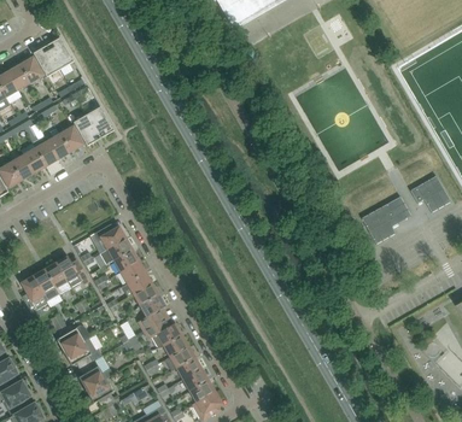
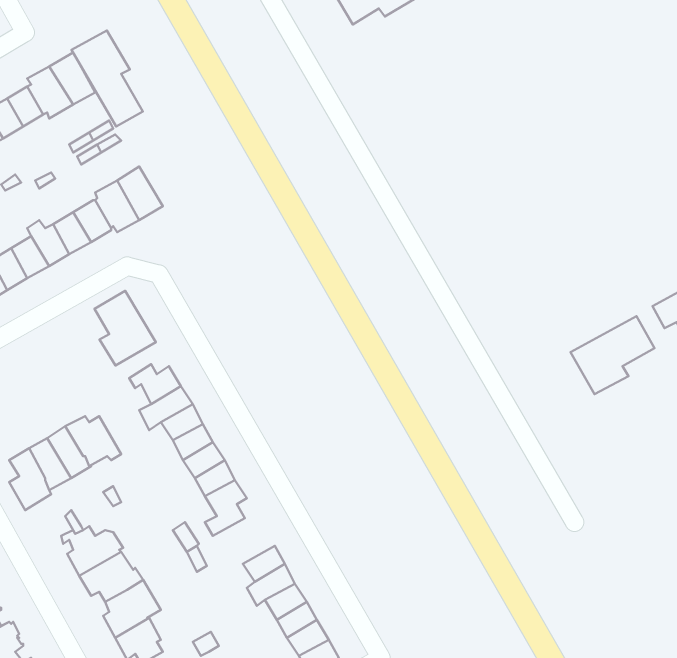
building: none -> [71,30,143,126]
building: none -> [95,291,156,365]
building: [145,318,182,350] -> none

